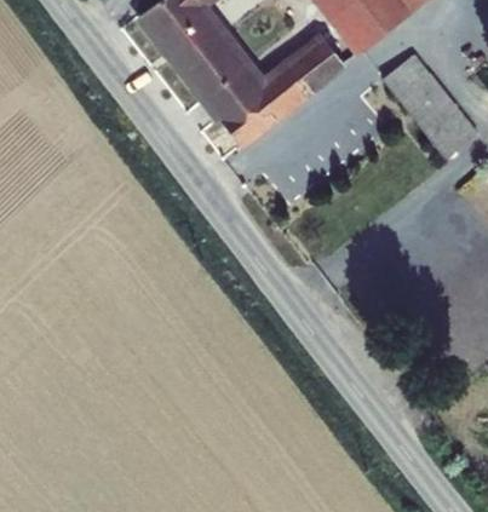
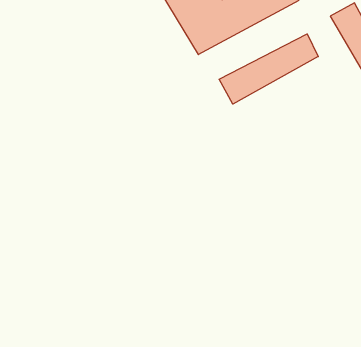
building: none -> [219,34,318,104]

